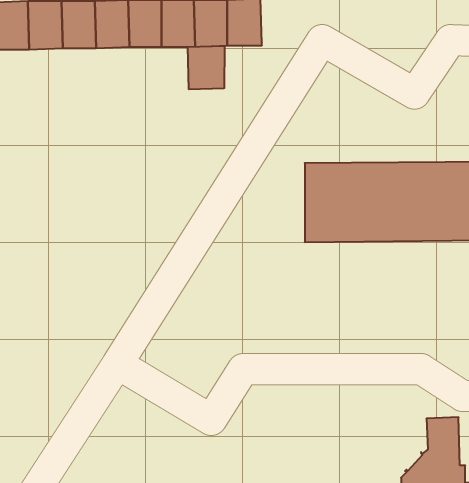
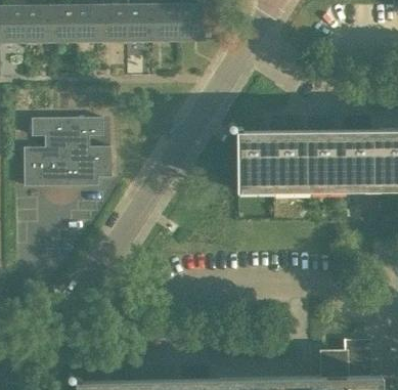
building: [188,46,224,89] -> none
building: none -> [24,119,112,186]

